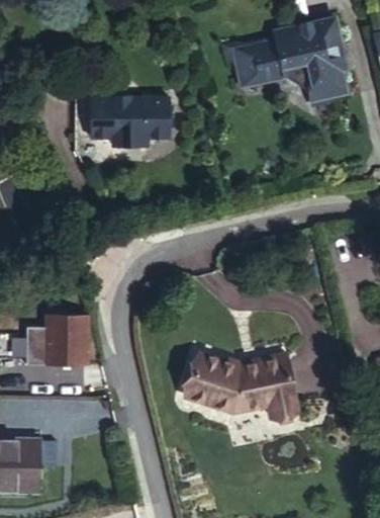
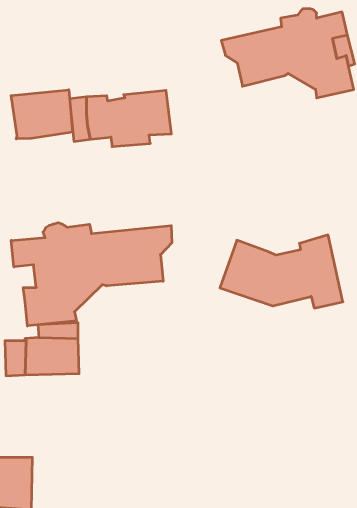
building: none -> [11,90,73,139]
building: none -> [11,223,172,326]
building: [186,345,303,415] -> [220,235,343,308]

